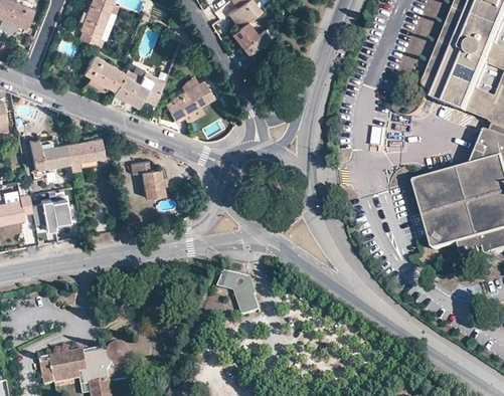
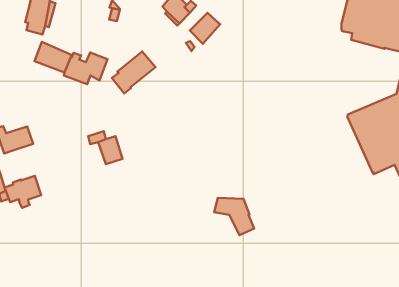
building: none -> [190,13,220,44]
building: [65,138,105,165] -> none
building: [218,272,260,317] -> [214,198,254,235]

